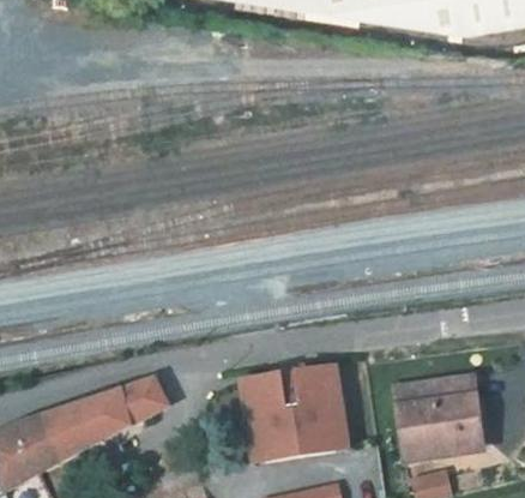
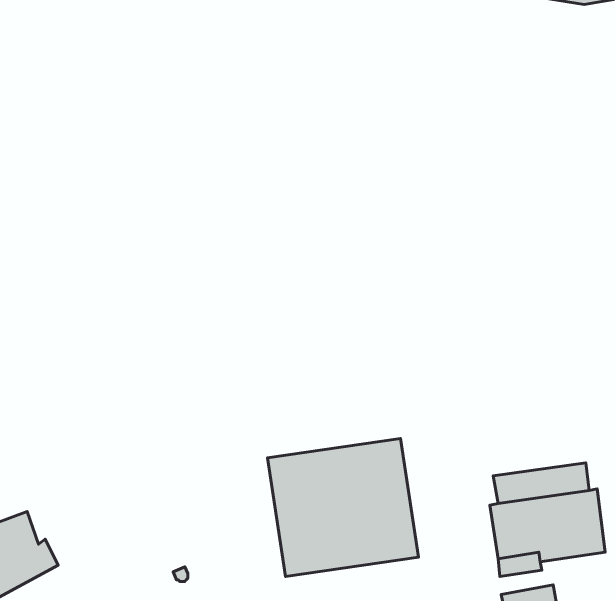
building: [58,378,169,450] -> none

